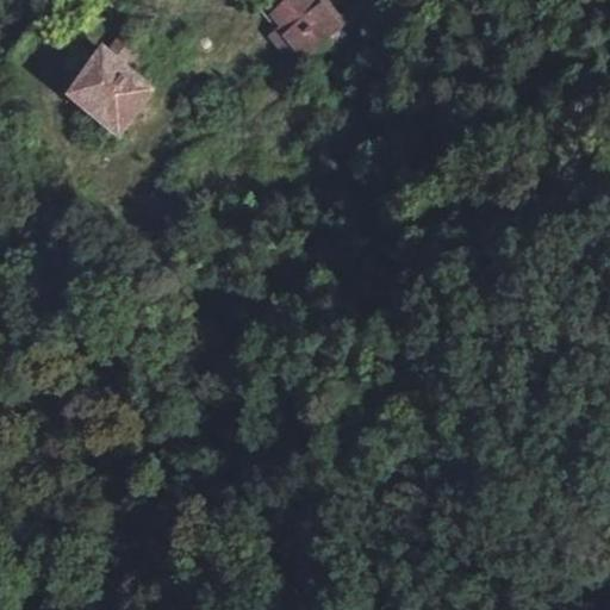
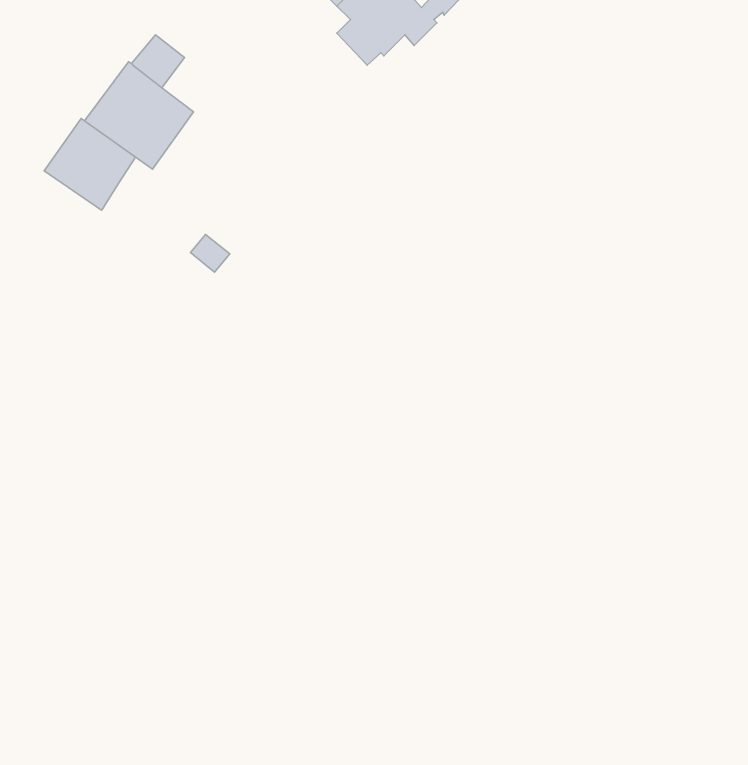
building: none -> [44,119,135,210]

